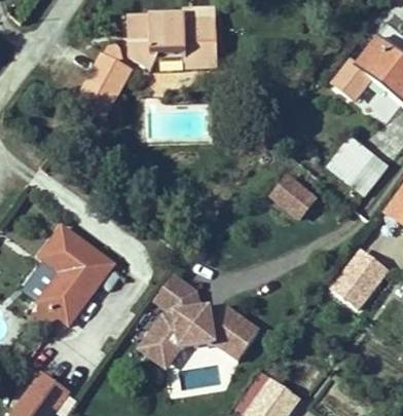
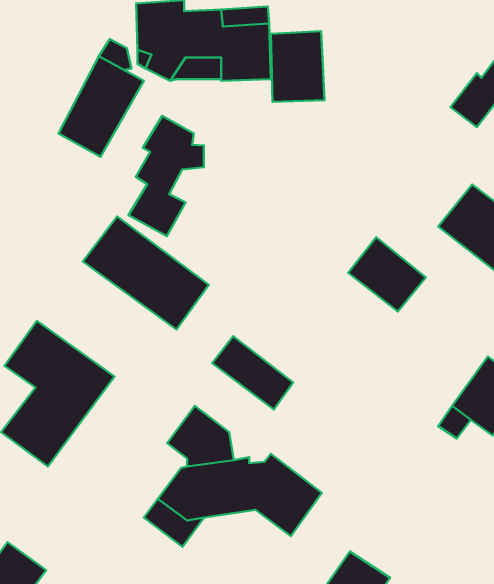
building: none -> [271,31,325,102]
building: none -> [129,116,204,236]
building: none -> [83,216,209,329]
building: none -> [212,336,293,410]

